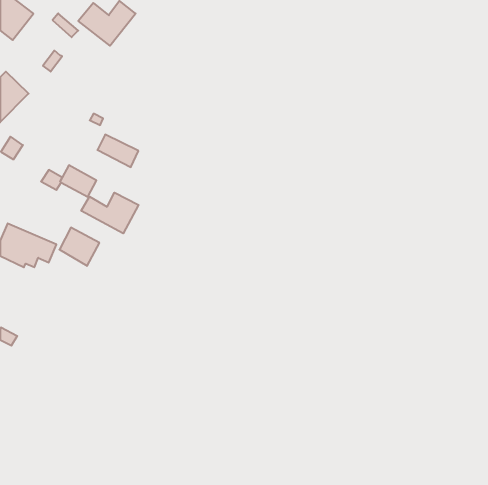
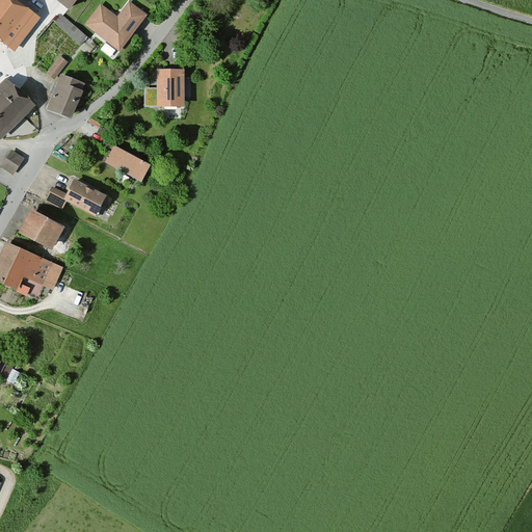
building: none -> [145,70,184,106]
building: none -> [49,73,84,114]
building: [81,193,139,233] -> none
building: [59,228,99,266] -> [20,211,63,252]

